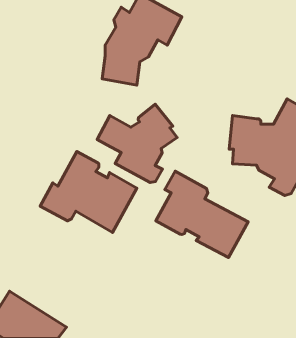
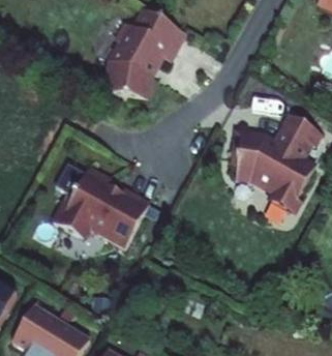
building: [97,104,177,183] -> none
building: [156,171,248,257] -> none

